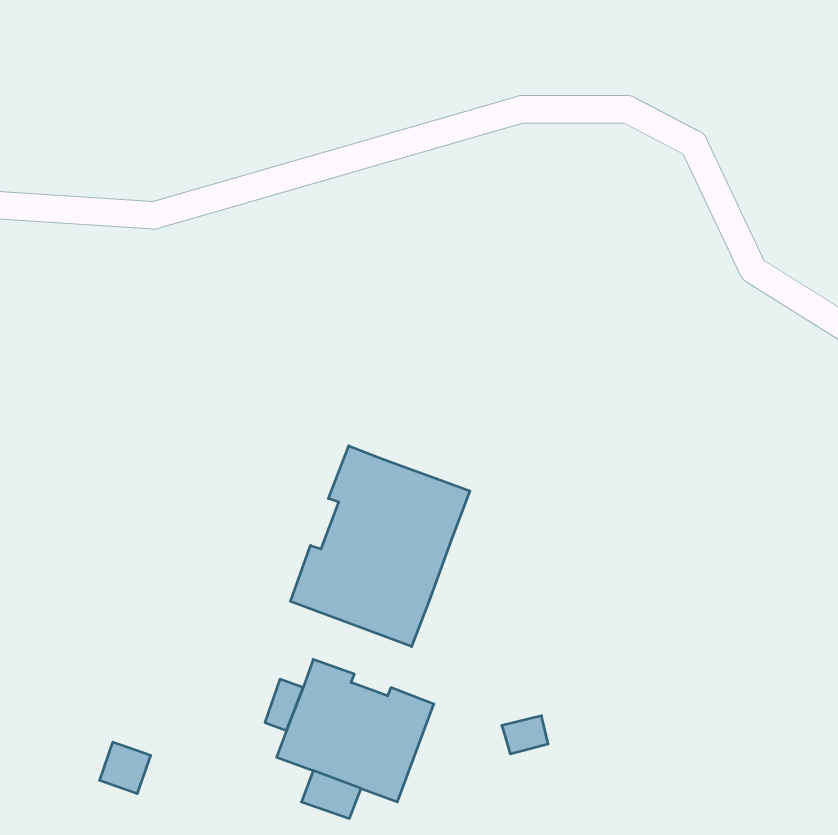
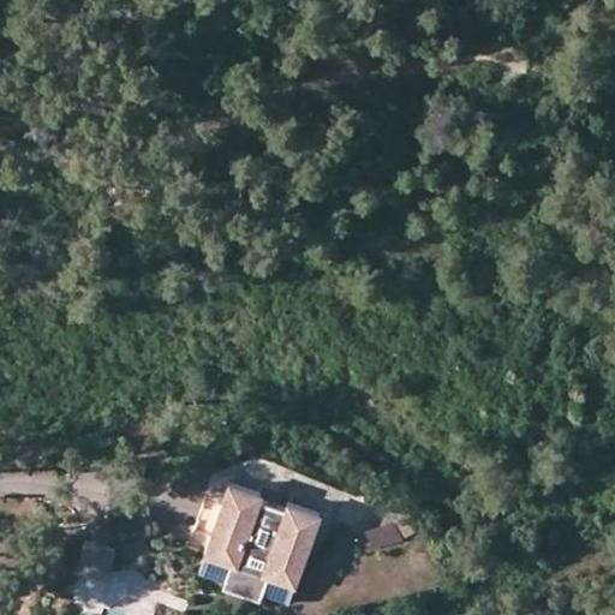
building: [290,446,470,647] -> none

